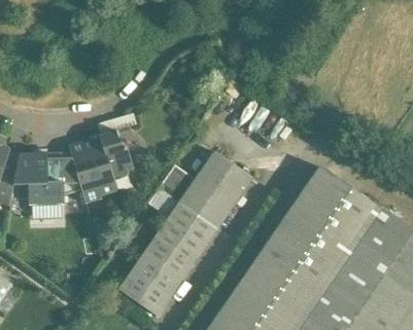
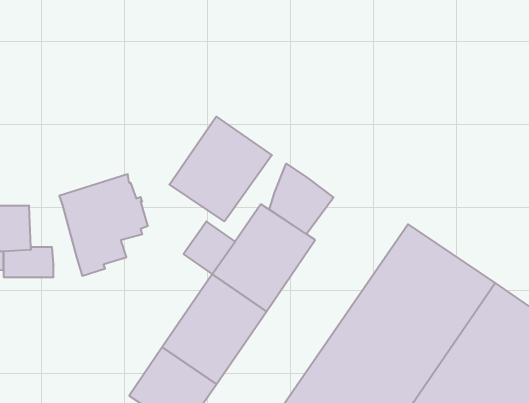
building: none -> [169,117,272,221]
building: none -> [270,164,334,234]
building: [47,152,81,195] -> none

